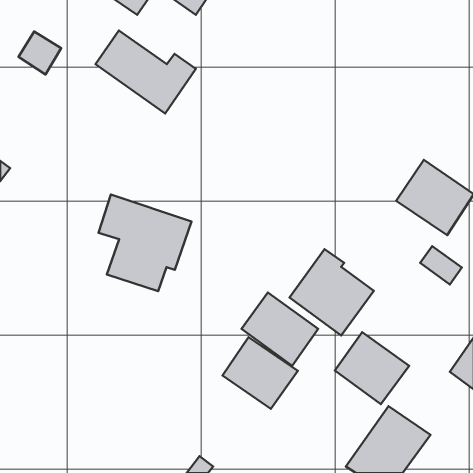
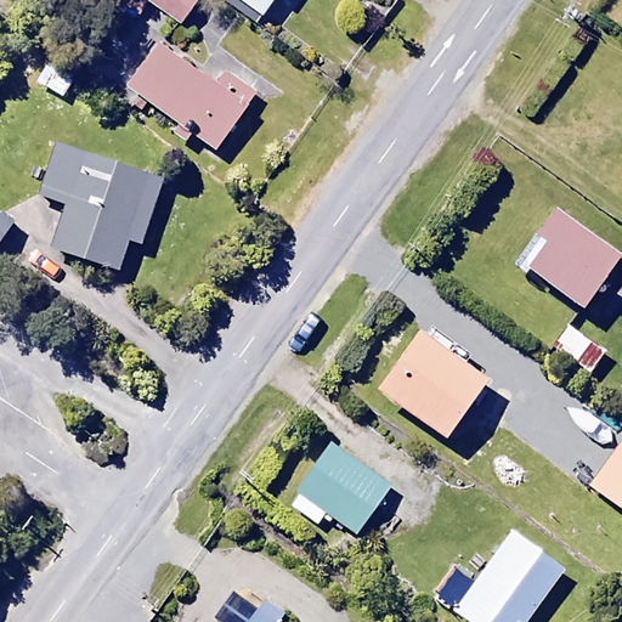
building: [99,195,191,291] -> [41,143,163,270]
building: [242,293,318,366] -> none
building: [335,332,409,404] -> none

